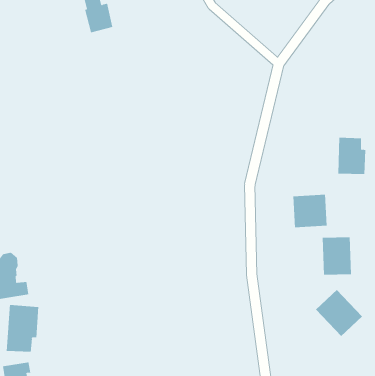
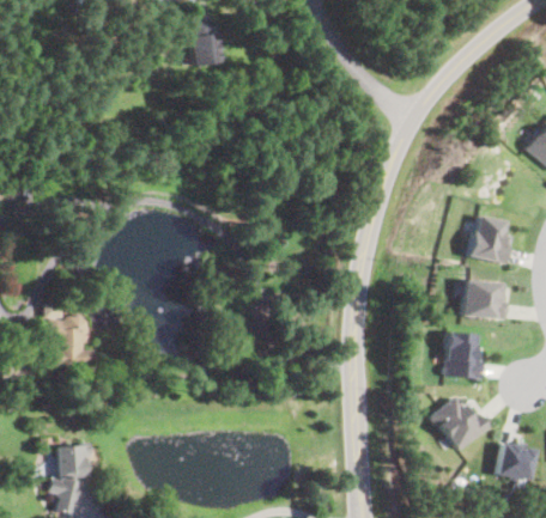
building: [292,194,328,228] -> [462,280,503,318]
building: [6,304,39,353] -> none

